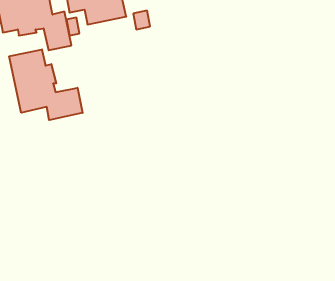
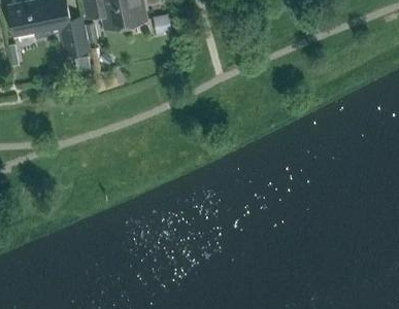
building: [9,49,83,120] -> none

